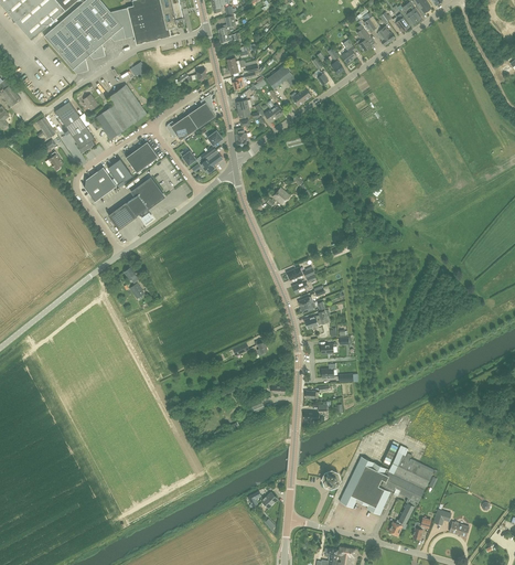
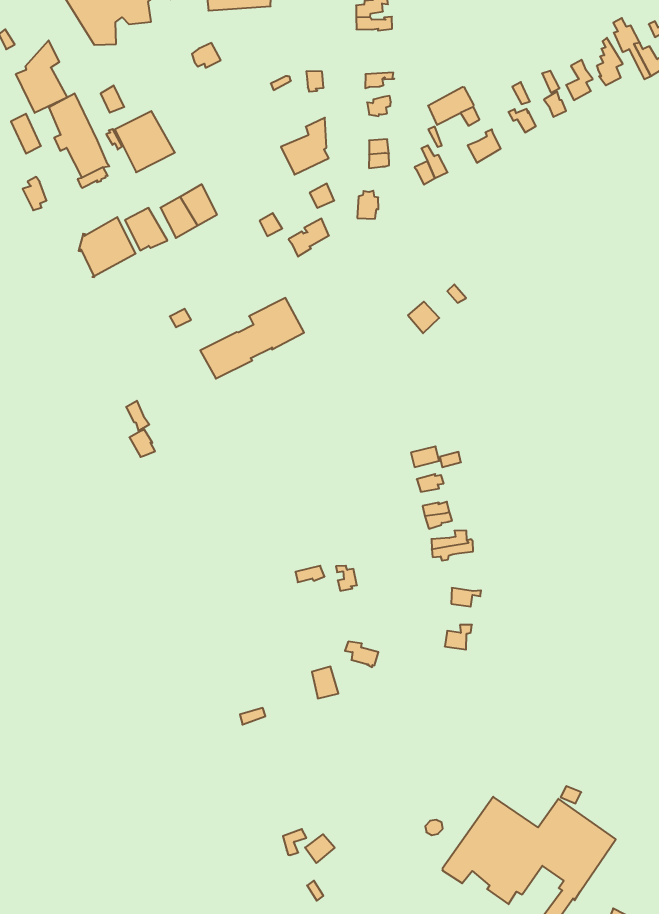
building: none -> [16,40,67,113]
building: [108,85,147,126] -> none
building: [167,114,199,140] -> none
building: [108,179,164,230] -> [200,298,304,379]

